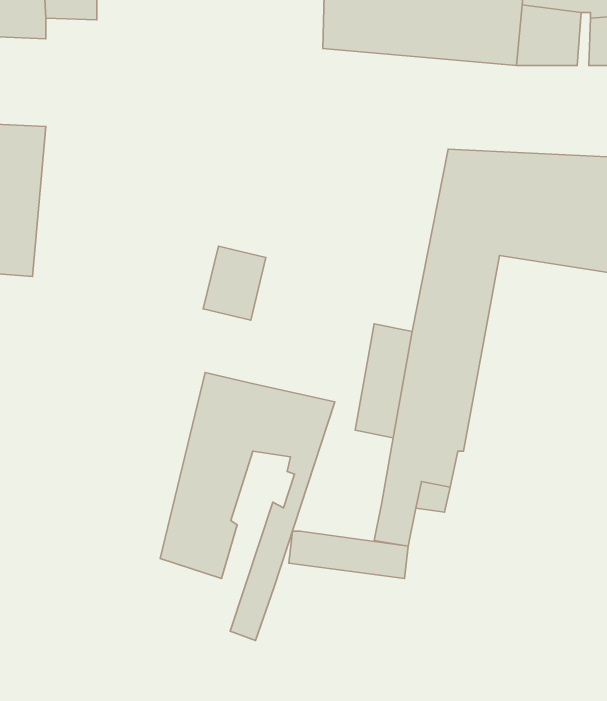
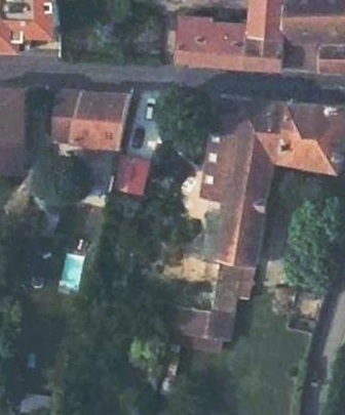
building: none -> [54,97,128,161]
building: none -> [198,106,244,206]
building: [160,373,335,640] -> none

